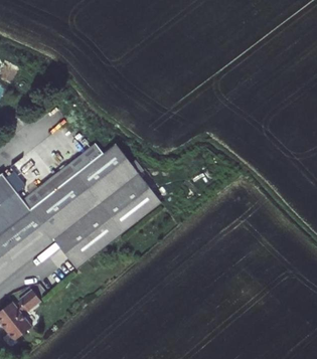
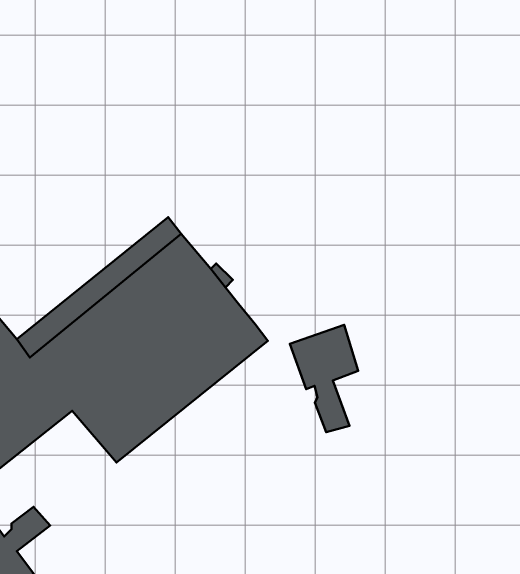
building: none -> [290,325,358,432]

